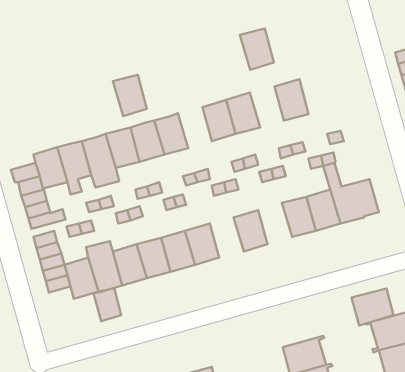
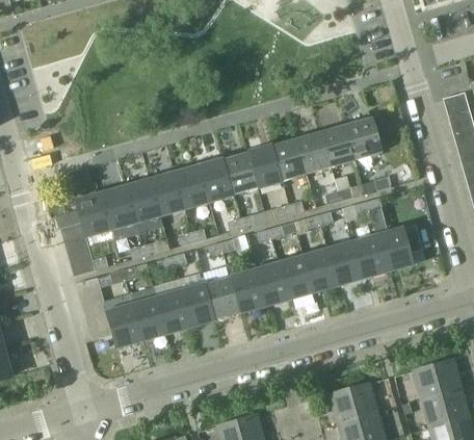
building: [240,29,274,70] -> [295,131,330,173]
building: none -> [345,117,379,159]
building: [113,75,147,116] -> [222,152,257,193]
building: none -> [304,249,338,290]
building: none -> [255,263,289,304]
building: [94,288,121,321] -> none
building: [351,288,393,325] -> none

